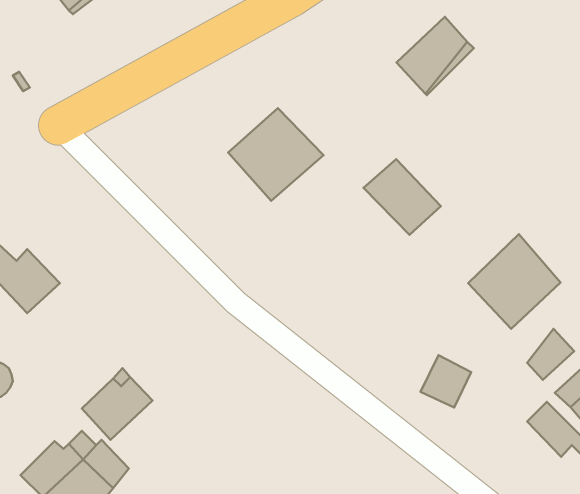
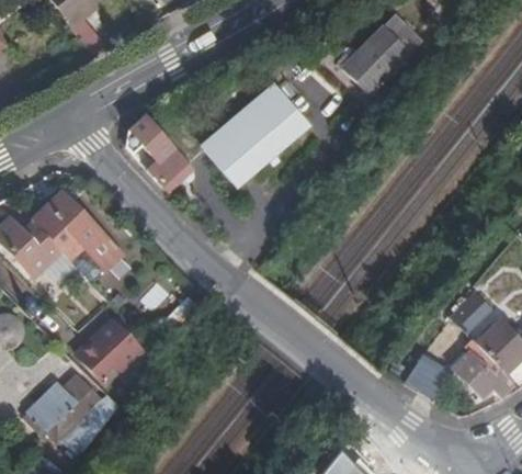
building: none -> [127,117,189,183]
building: [364,159,441,235] -> [245,80,309,144]
building: none -> [33,193,123,283]
building: [468,234,560,329] -> none
building: [420,355,471,407] -> [401,352,444,396]

